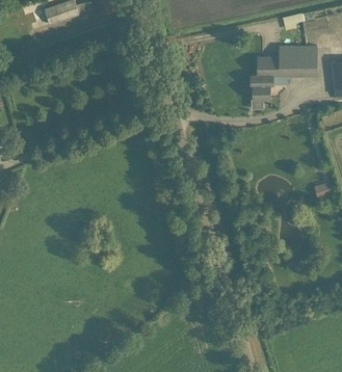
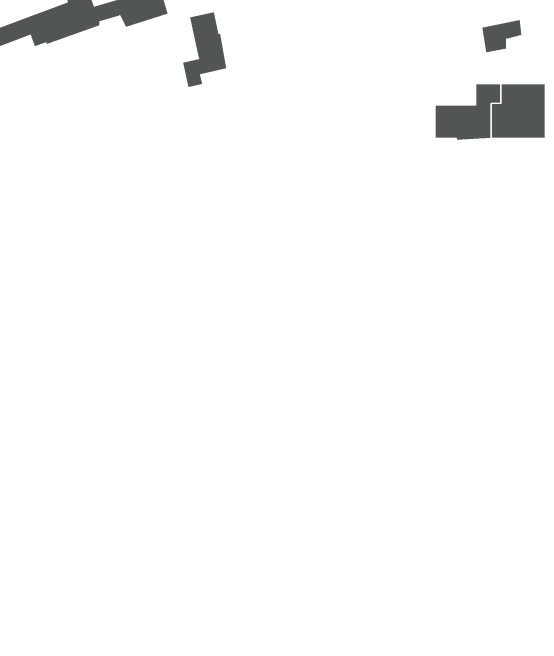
building: none -> [183,12,227,88]
building: [249,76,269,109] -> none

